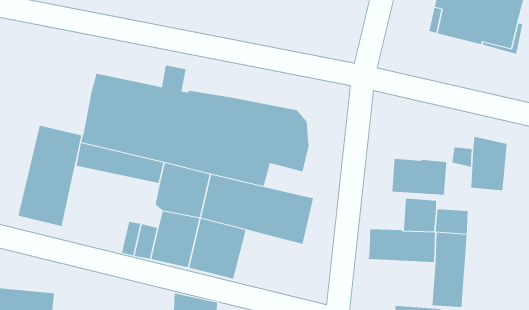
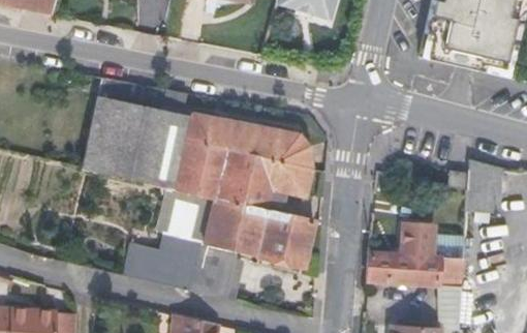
building: [18,125,82,227] -> none
building: [392,158,447,196] -> none

